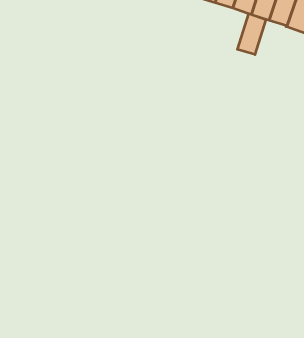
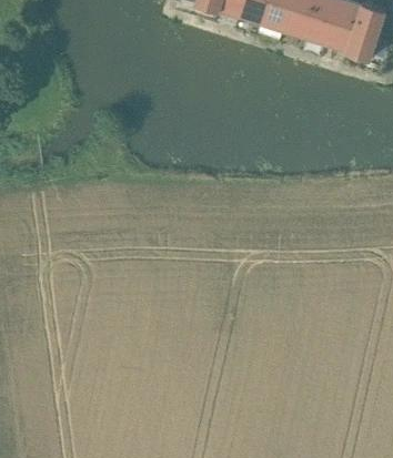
building: [237,14,266,55] -> none

